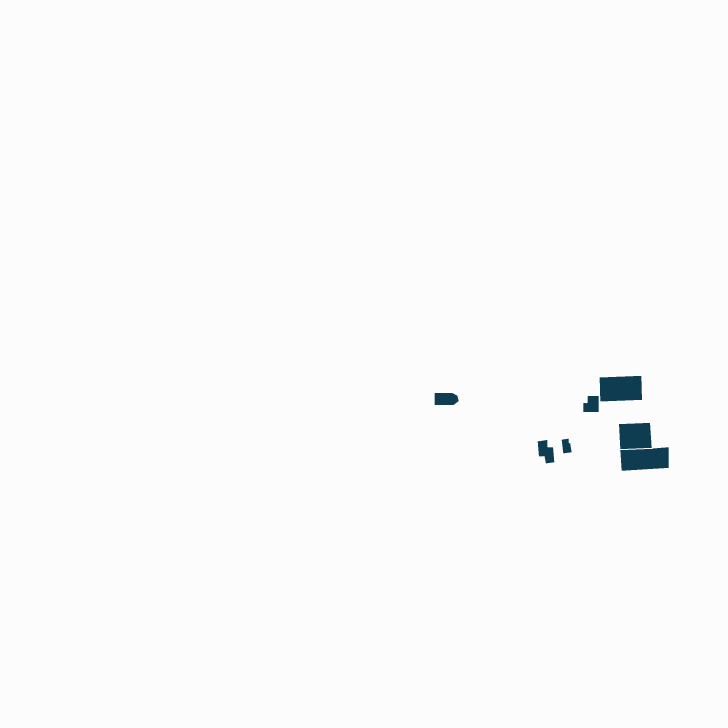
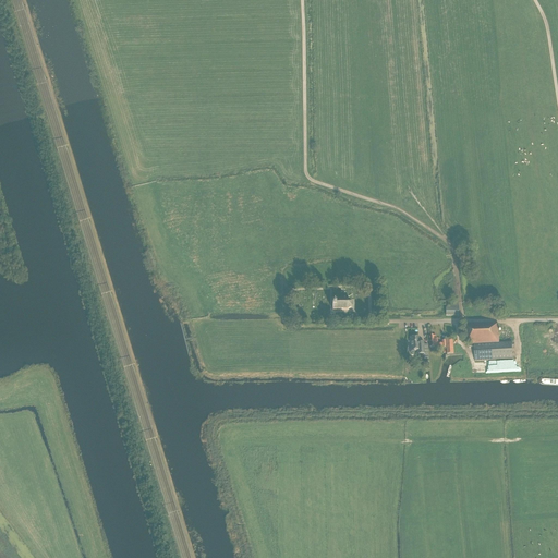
building: [599,375,642,402] -> none

